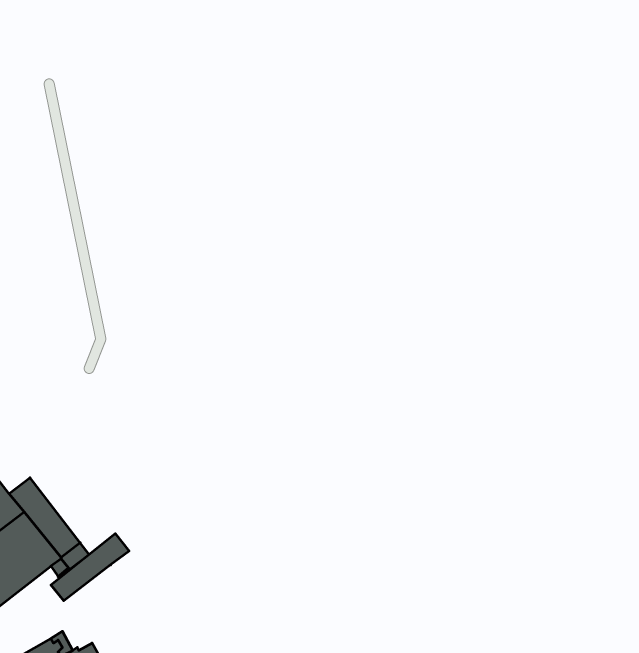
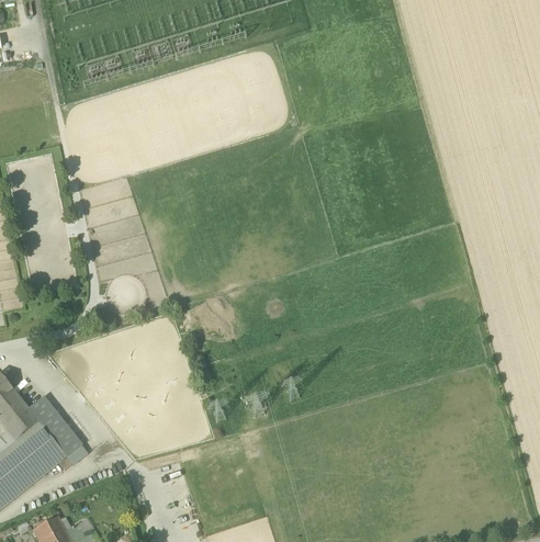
building: [51,534,129,601] -> none

